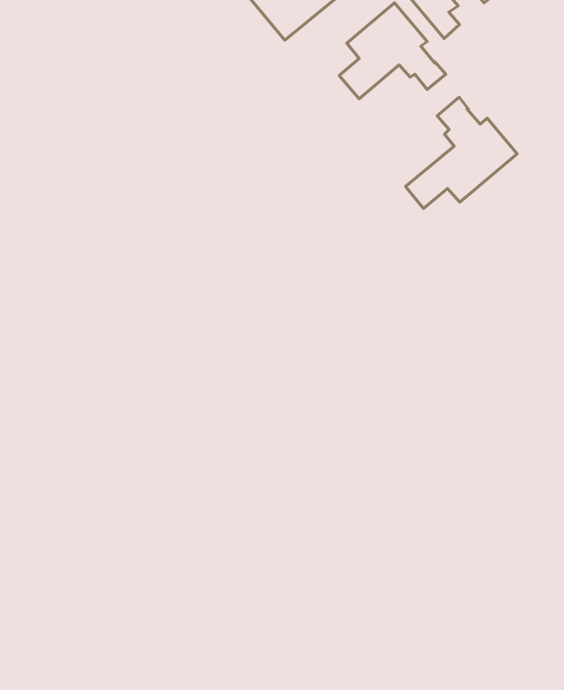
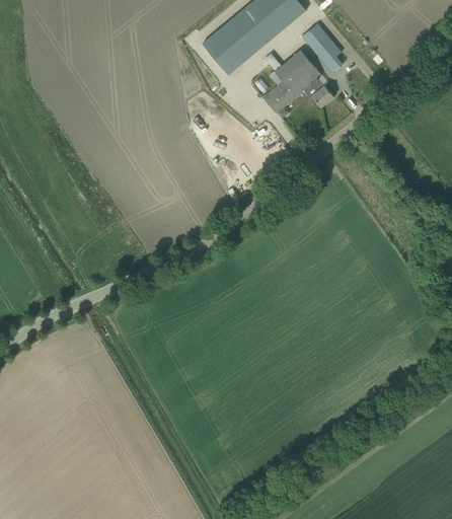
building: [406,97,517,209] -> none

